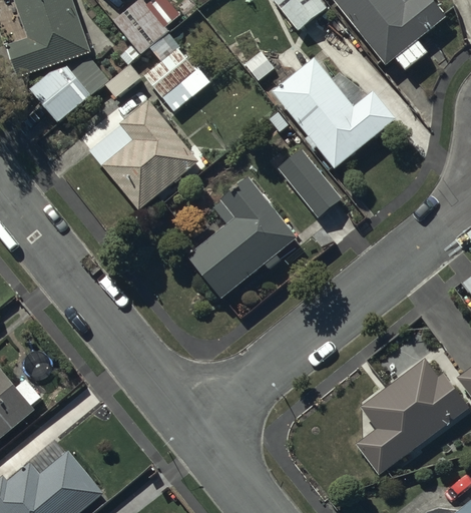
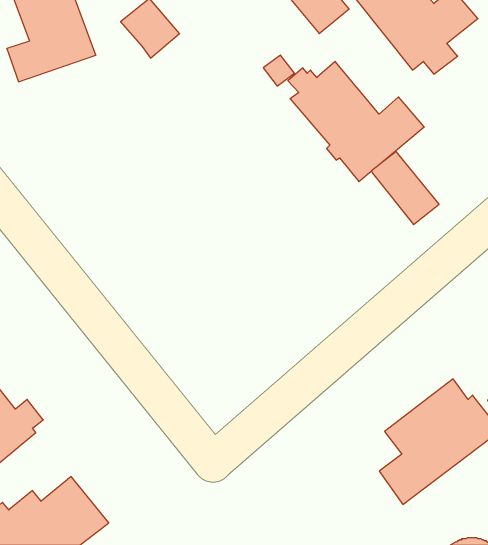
building: [144,32,207,112] -> none
building: [30,57,110,123] -> none
building: [89,102,199,210] -> none
building: [279,150,342,218] -> [372,152,439,225]
building: [186,180,298,300] -> none

